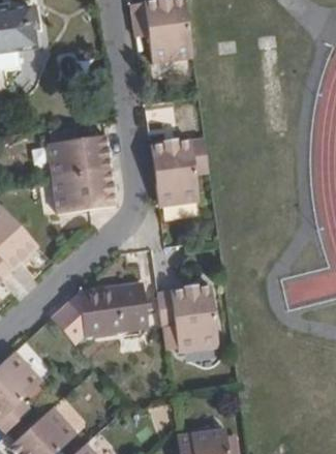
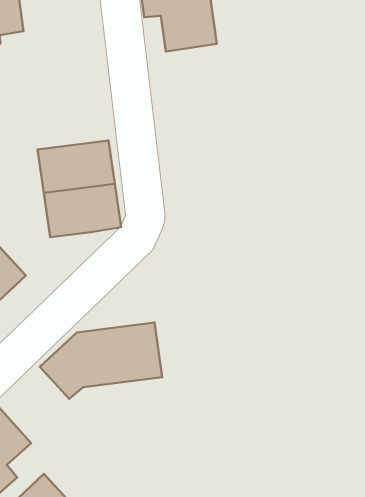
building: [150,138,210,206] -> none
building: [157,285,219,352] -> none

